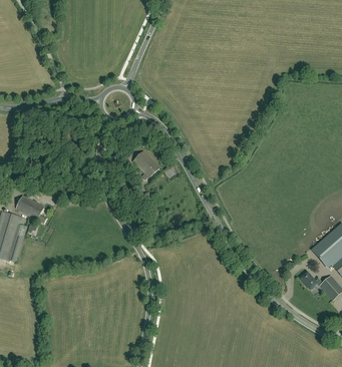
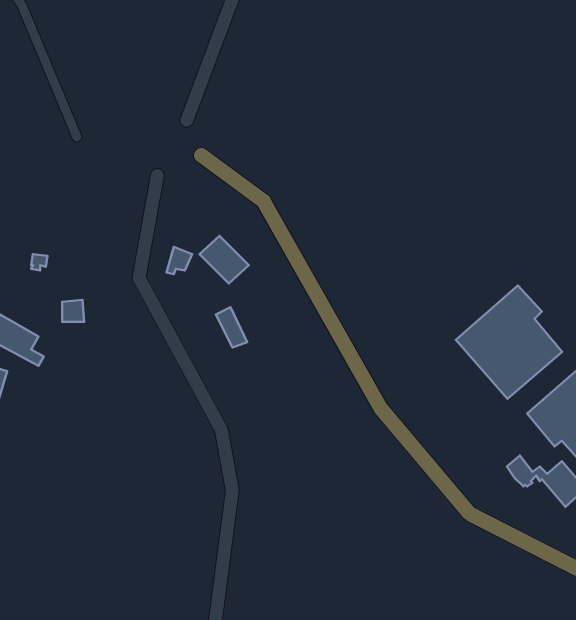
building: none -> [456,286,562,399]

